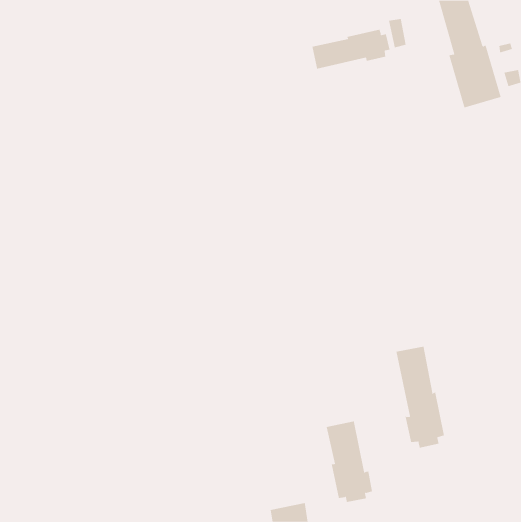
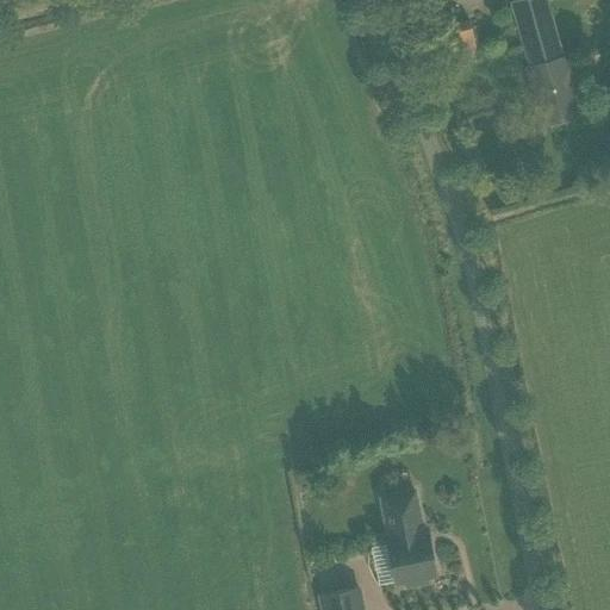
building: [312,29,390,69] -> none
building: [396,346,445,449] -> none

